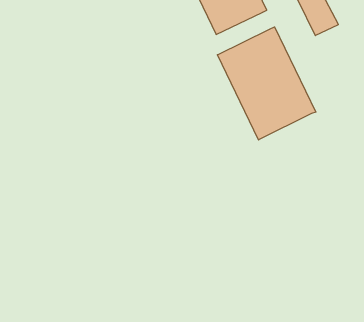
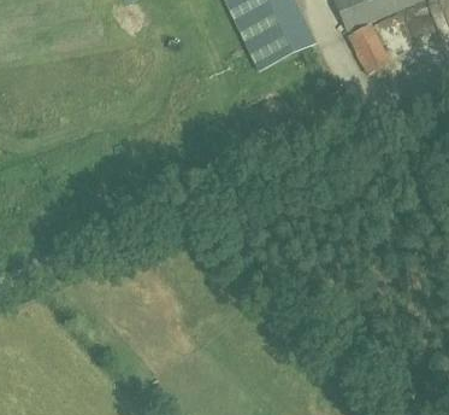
building: [217,27,316,140] -> none

